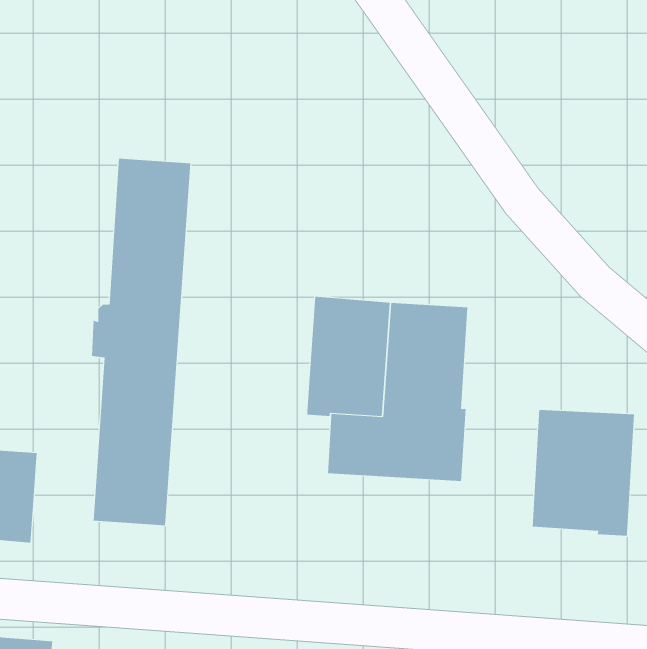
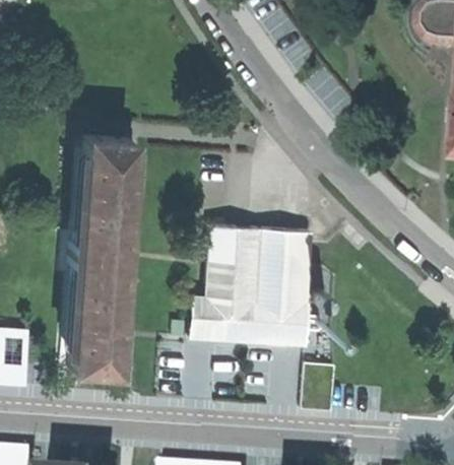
building: [532,409,635,536] -> none
building: none -> [189,300,221,340]

